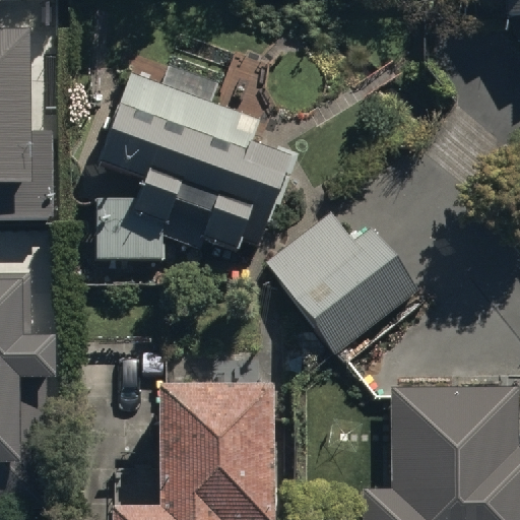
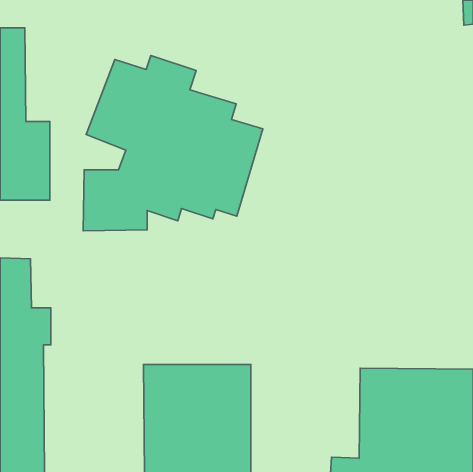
building: [263,209,419,353] -> none

